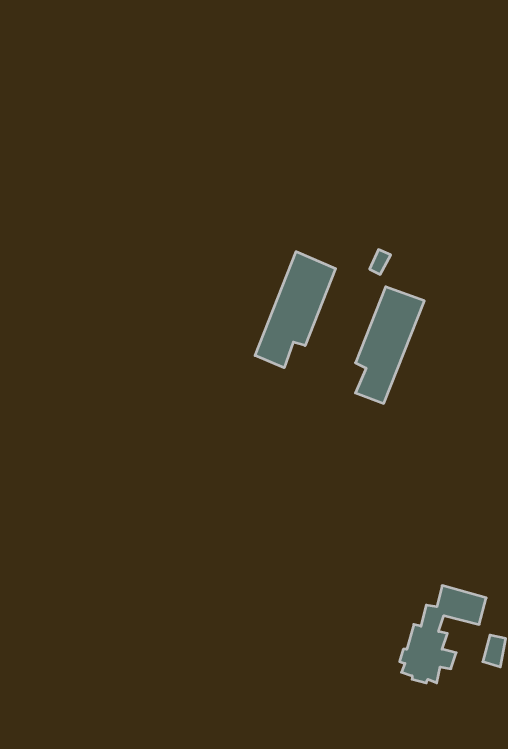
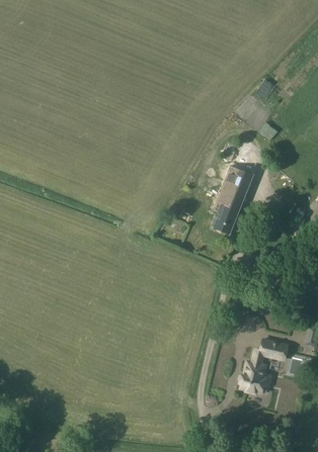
building: [255,252,336,368] -> none

